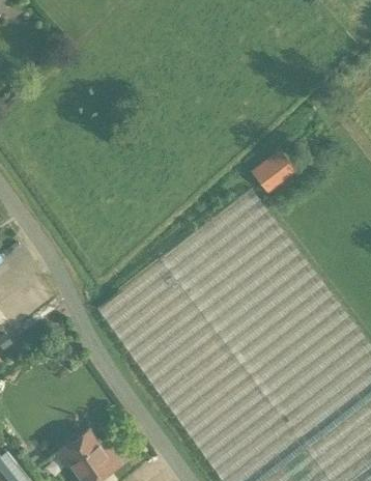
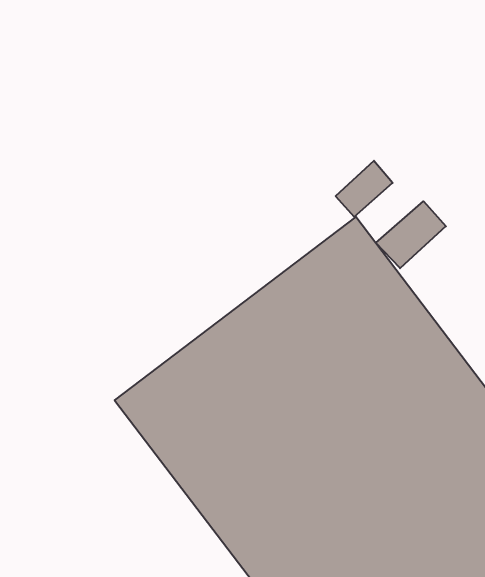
building: none -> [376,201,446,268]

